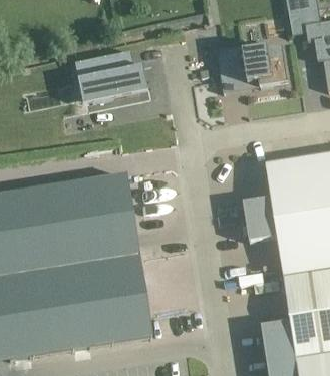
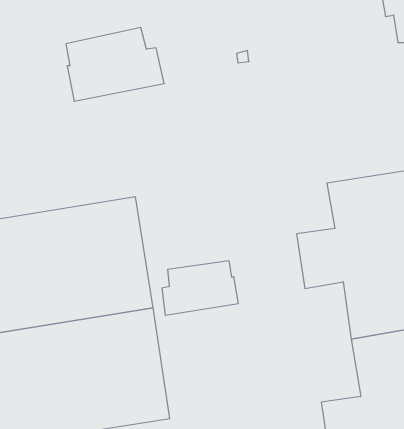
building: [217,45,289,92] -> none
building: none -> [162,261,238,315]

